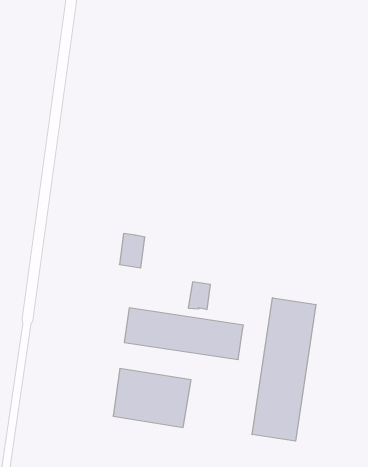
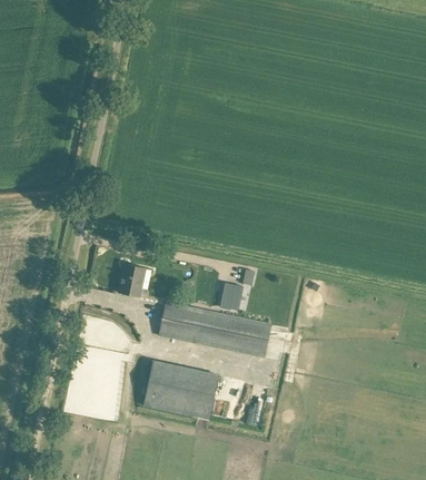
building: [119,234,145,268] -> [119,263,145,296]
building: [252,298,316,441] -> none

